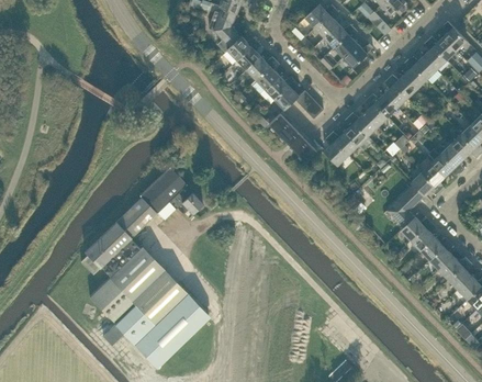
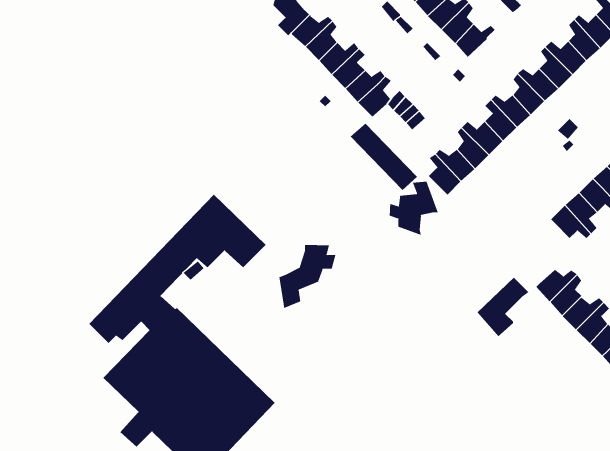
building: none -> [389,181,439,236]
building: [385,186,423,228] -> [477,277,529,337]
building: none -> [279,244,336,309]

